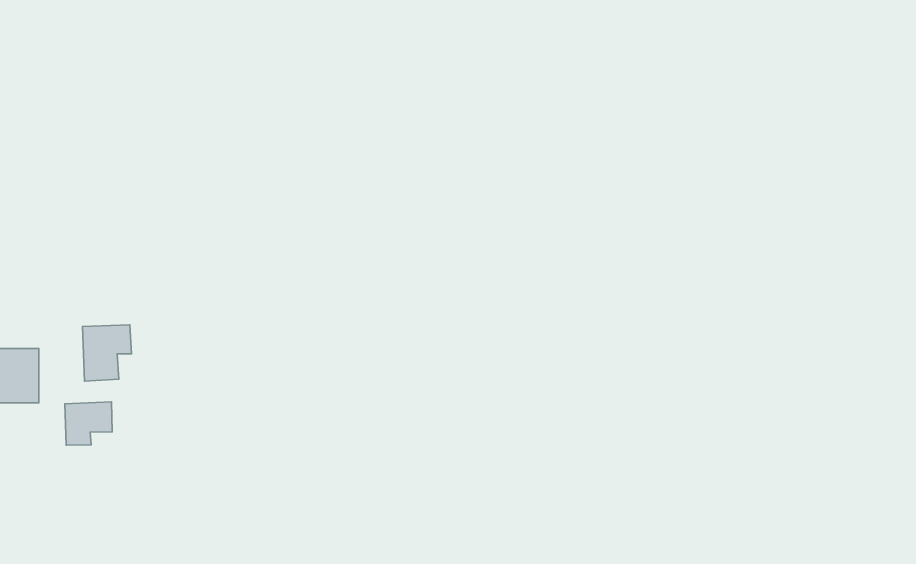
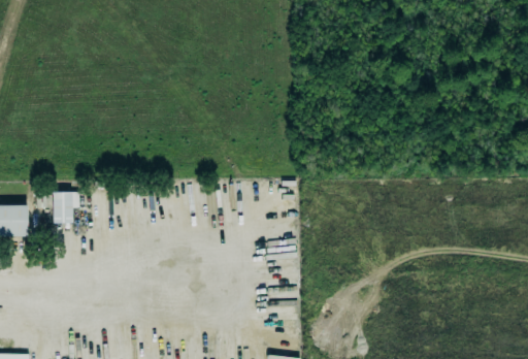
building: [65,402,112,445] -> none

